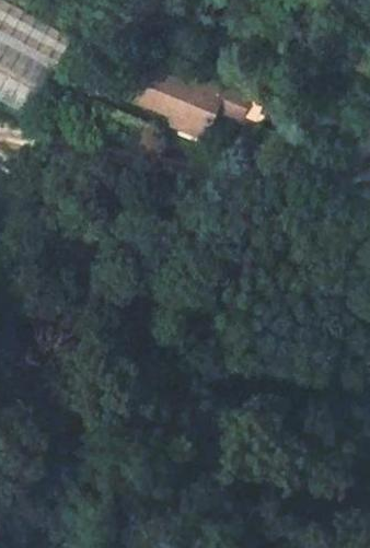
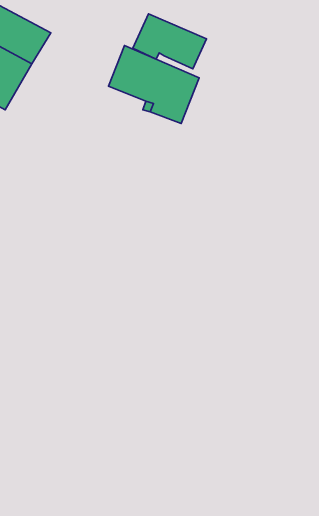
building: none -> [133,14,207,69]

